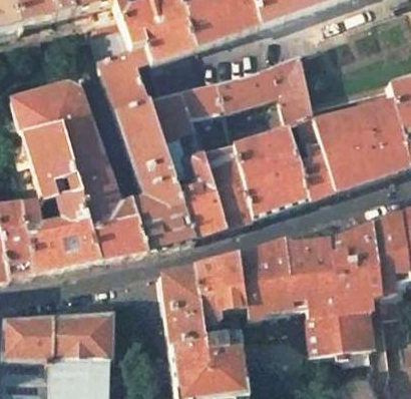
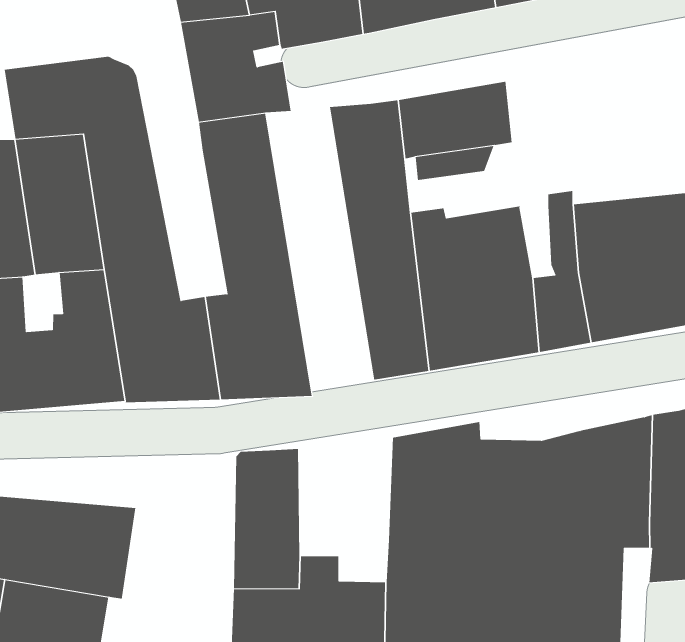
building: [271,51,314,126] -> none
building: [149,89,226,237] -> none
building: [192,255,246,323] -> none

